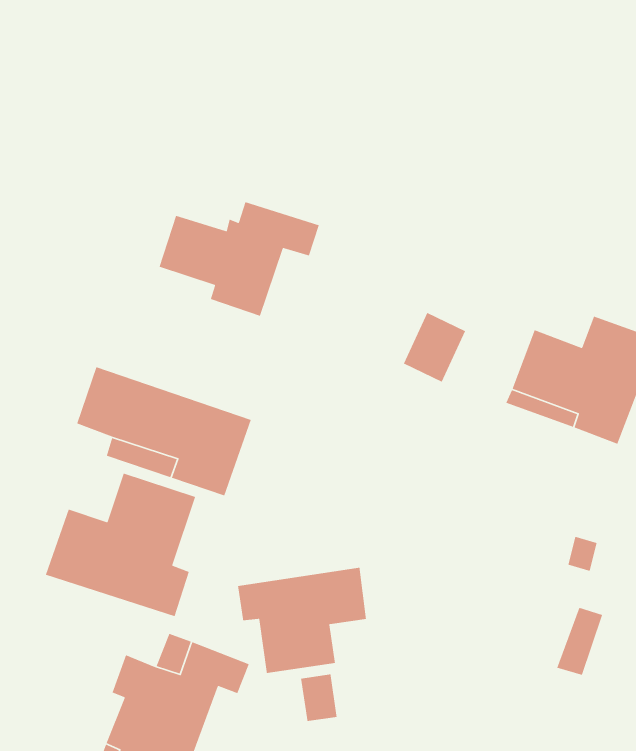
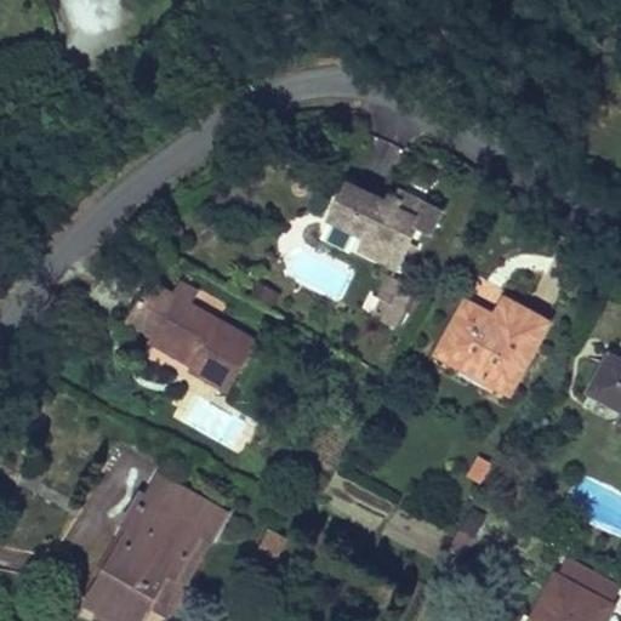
building: [158,201,320,317] -> [325,182,448,268]
building: [45,472,196,617] -> none
building: [237,567,367,674] -> none

